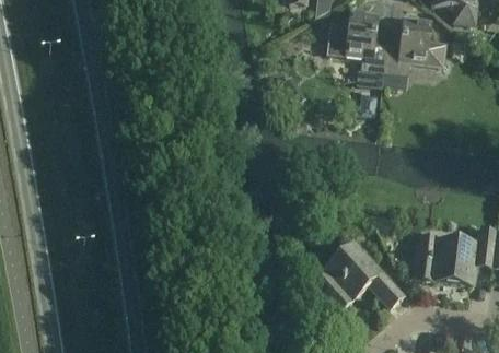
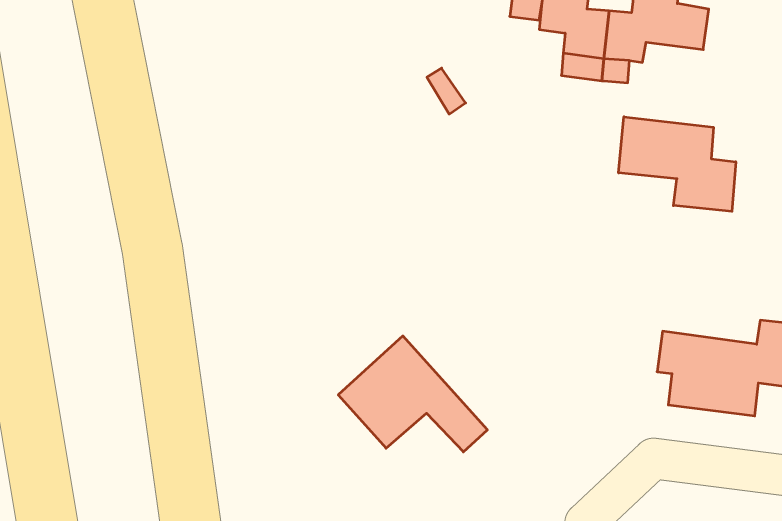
building: none -> [619,117,736,211]
building: [315,238,404,307] -> [338,336,487,452]

